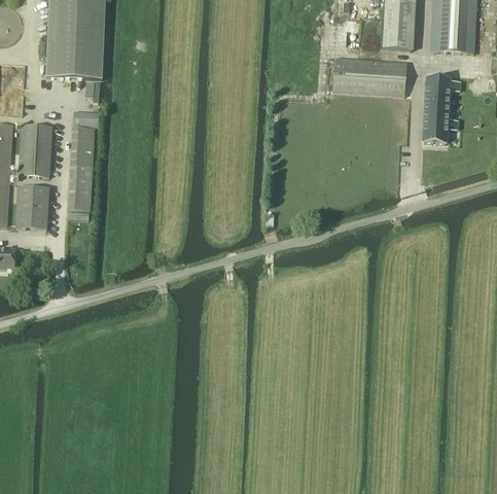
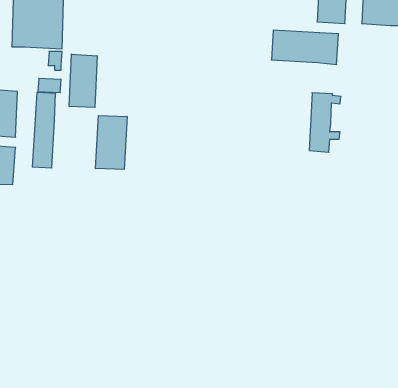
building: [424,77,459,143] -> [309,93,341,152]
building: none -> [69,54,97,107]
building: none -> [96,116,127,169]

